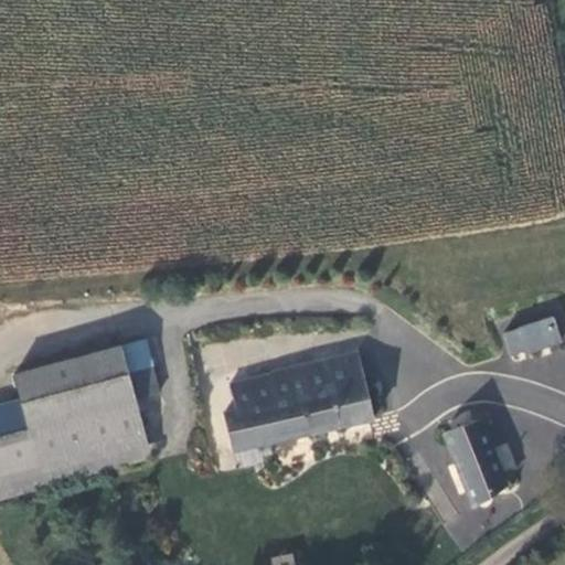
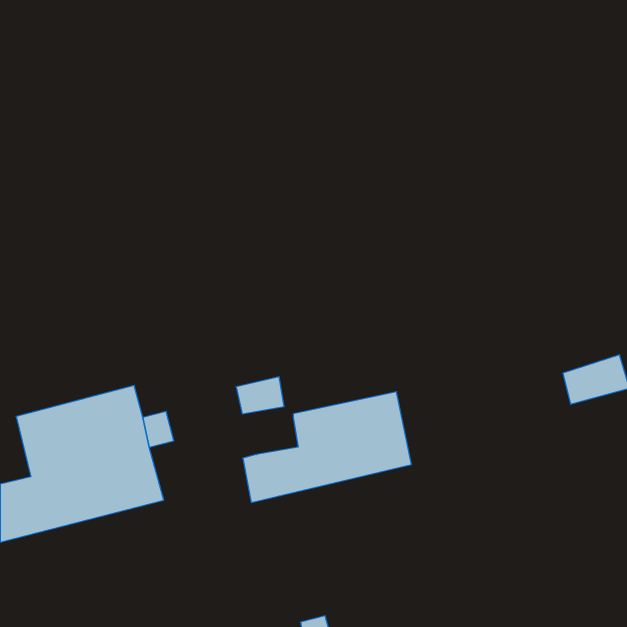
building: [226,376,269,409] -> [236,377,284,414]
building: [449,414,507,500] -> none

